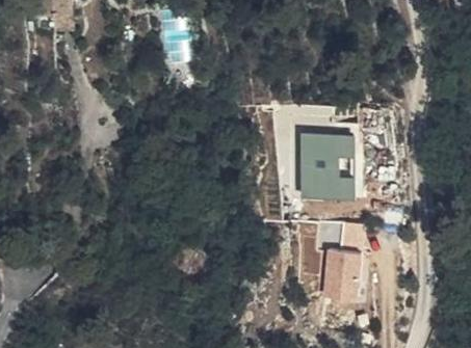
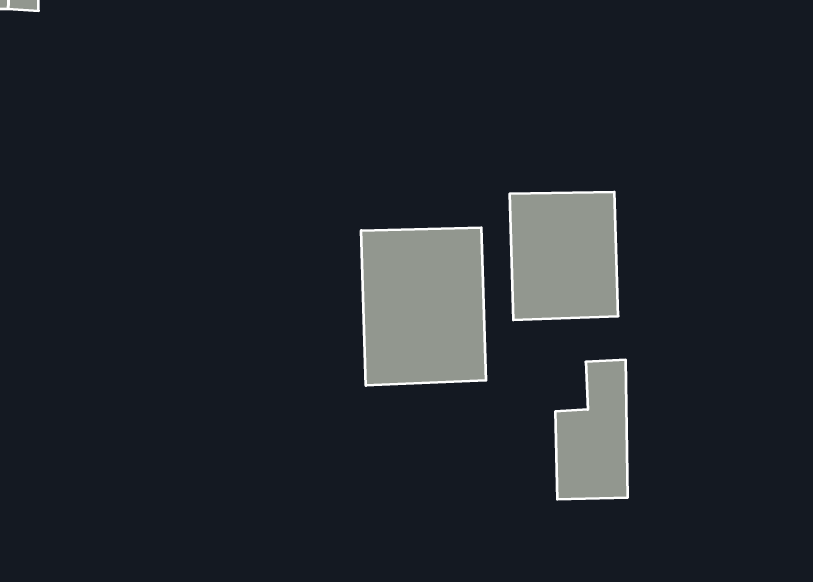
building: none -> [361,228,486,386]

